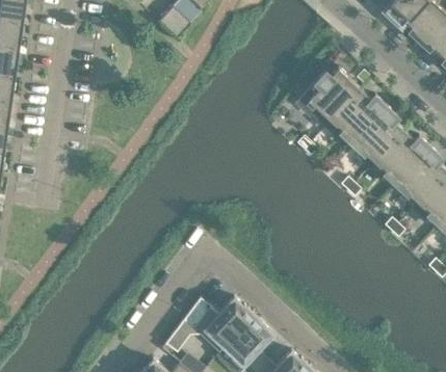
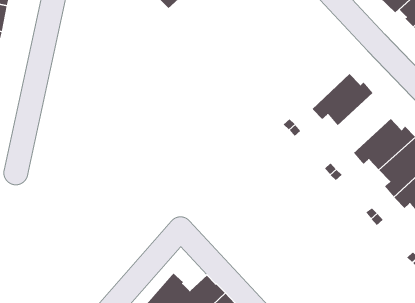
building: [309,69,361,128] -> none
building: [352,107,404,168] -> none

